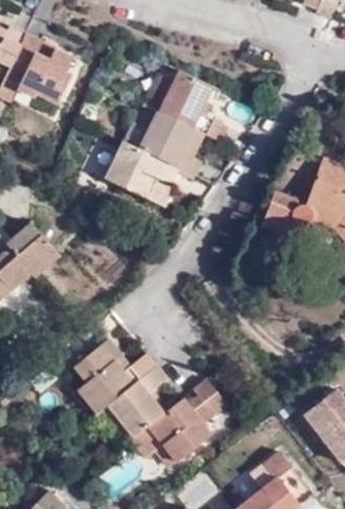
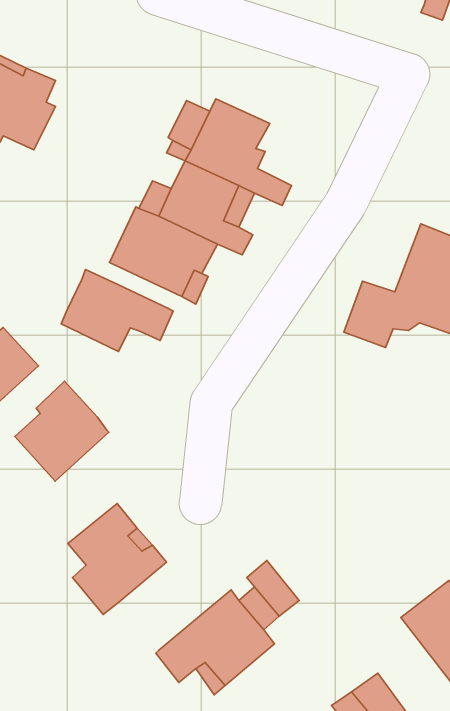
building: none -> [61,269,173,351]
building: none -> [15,381,109,481]
building: [112,368,169,439] -> none

